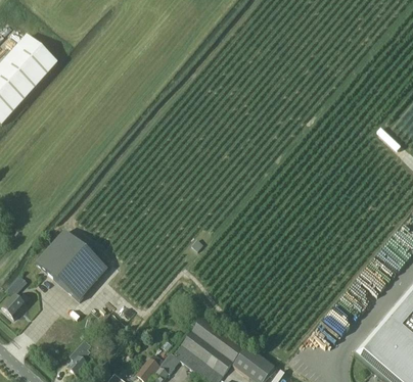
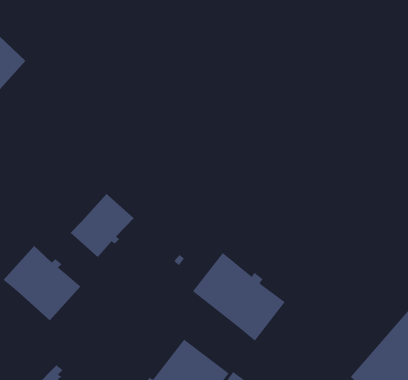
building: none -> [70,193,134,258]
building: none -> [192,252,285,341]

